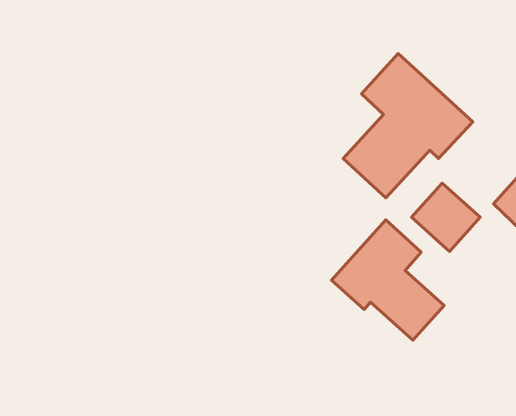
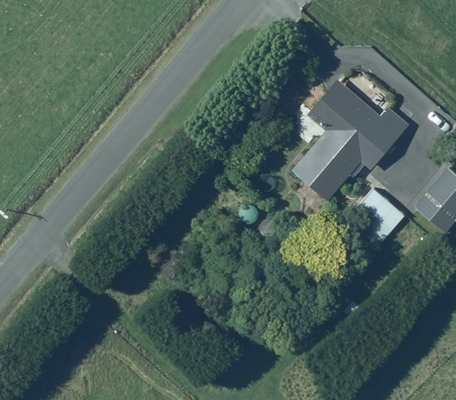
building: [331,220,444,340] -> none

